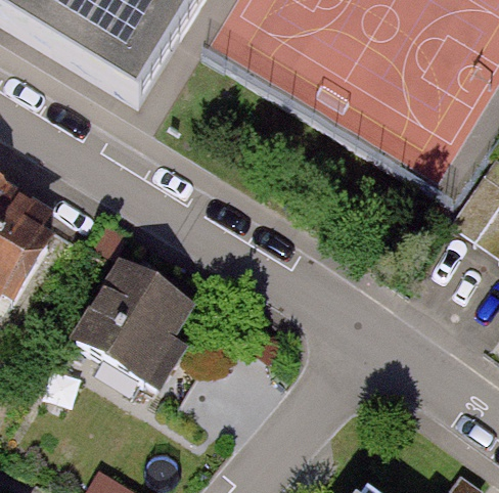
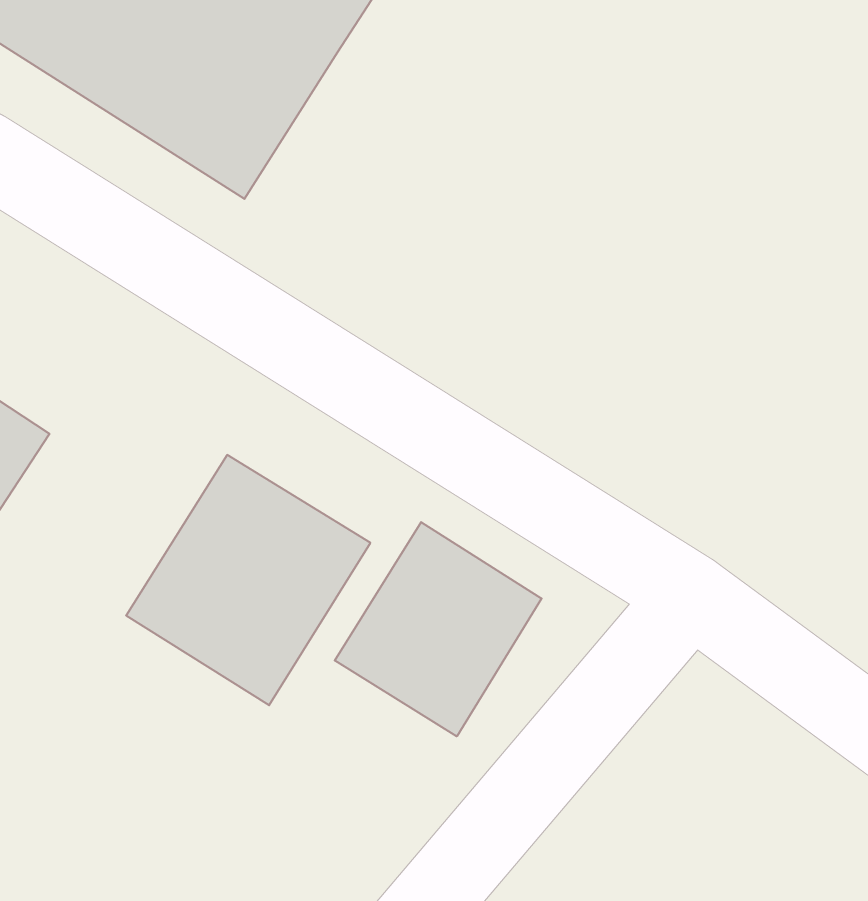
building: none -> [335,522,542,736]

